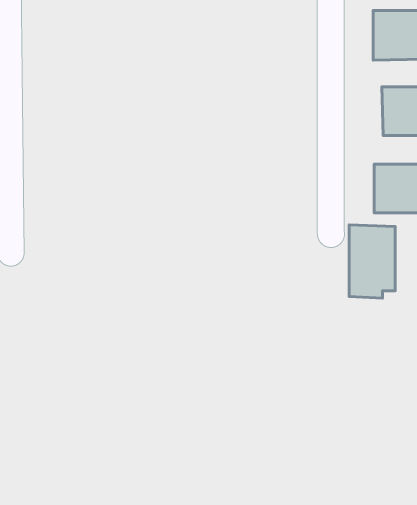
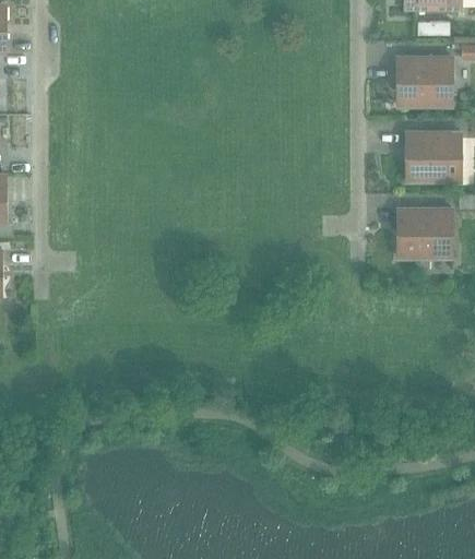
building: [349,225,395,298] -> none

